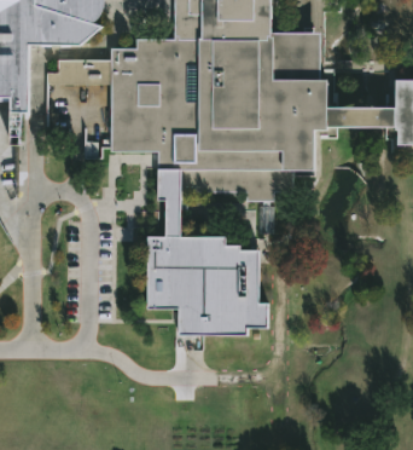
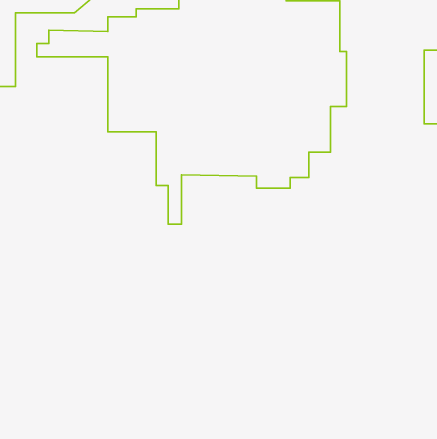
building: [326,106,396,128] -> none
building: [147,235,267,336] -> none

